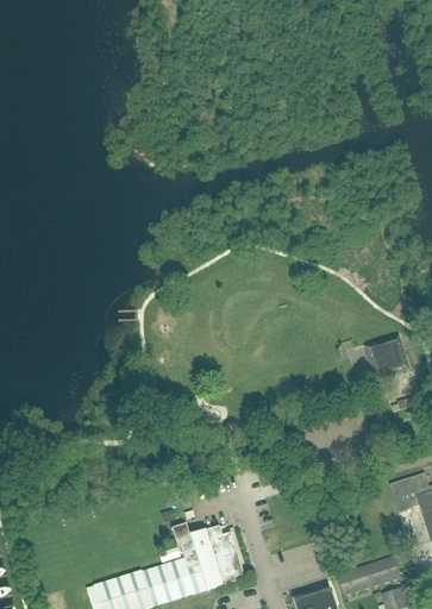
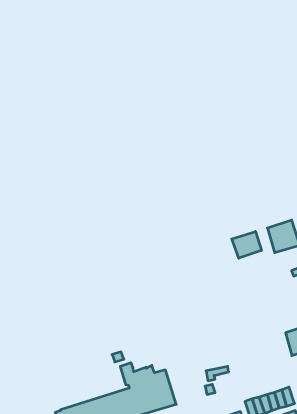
building: none -> [232,231,261,258]

